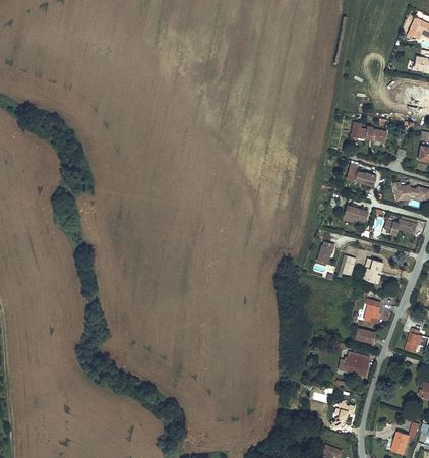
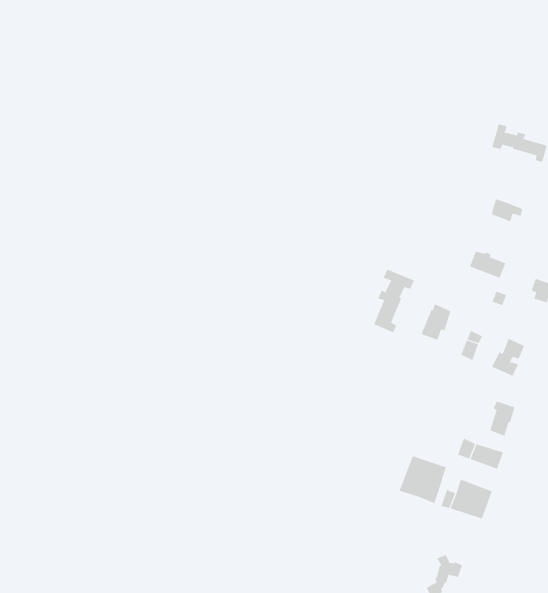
building: none -> [373,269,415,333]
building: none -> [399,455,447,504]

